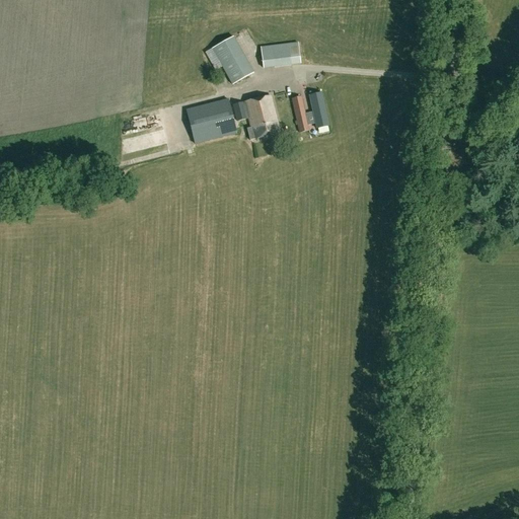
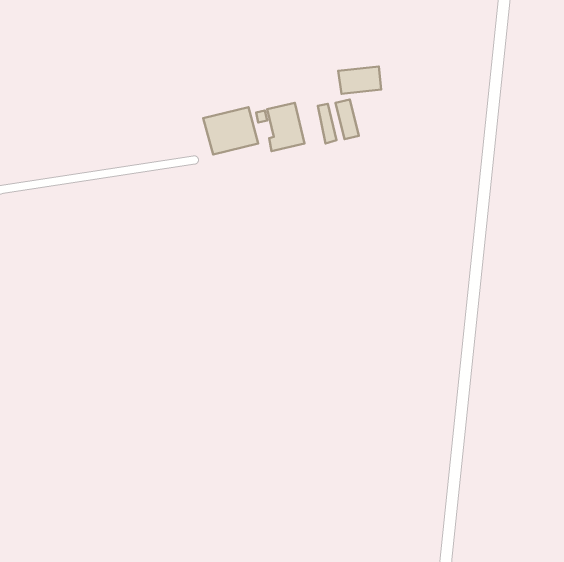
building: [212,35,253,83] -> none
building: [261,41,300,66] -> [338,66,381,94]

